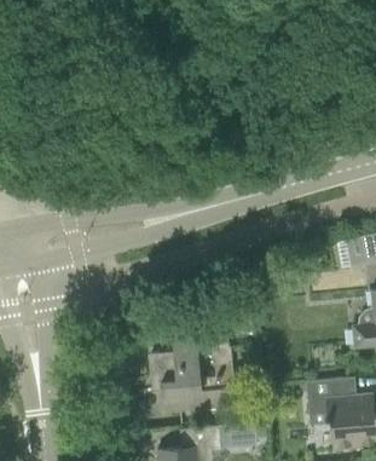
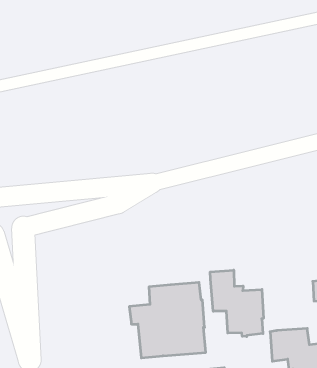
building: none -> [210,270,263,337]

